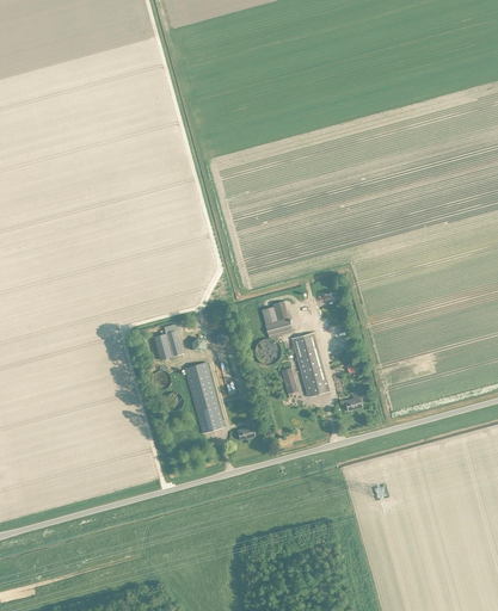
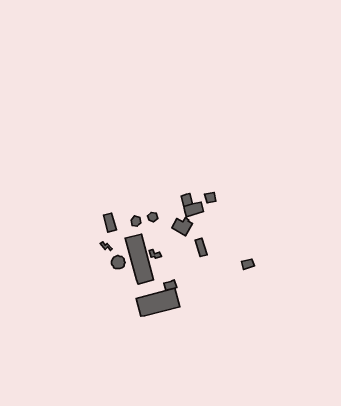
building: [291,333,330,396] -> none
building: none -> [136,288,180,316]

